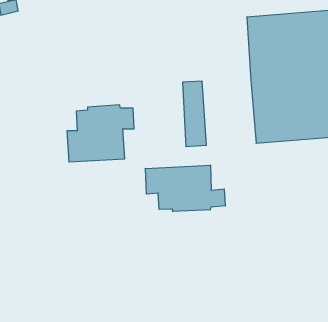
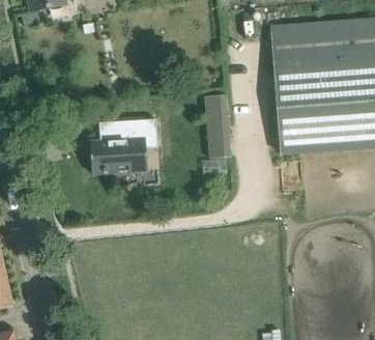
building: [145,165,225,212] -> none

